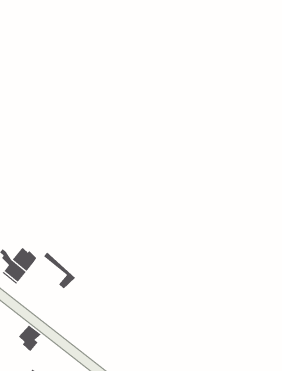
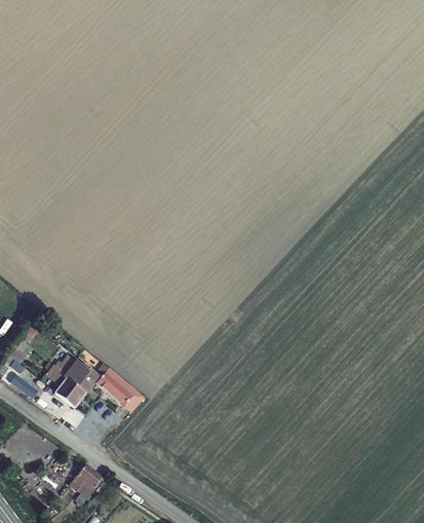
building: none -> [97,372,133,406]

